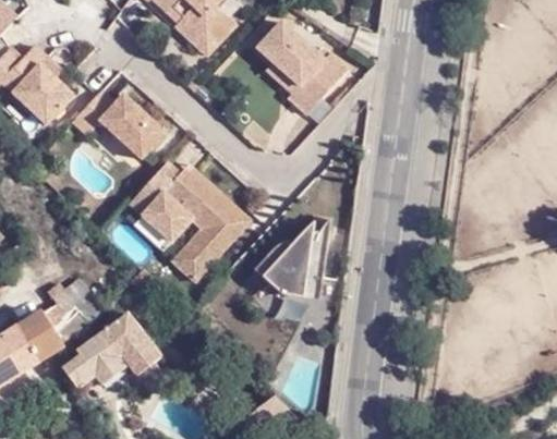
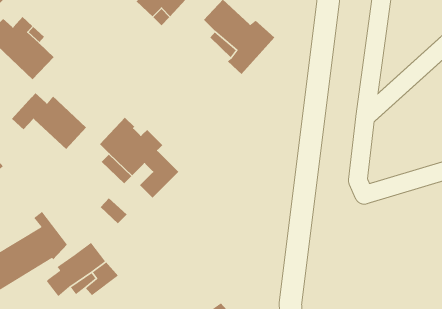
building: [73,86,166,157] -> [11,92,87,150]
building: [170,169,243,280] -> none
building: [256,223,330,306] -> none

